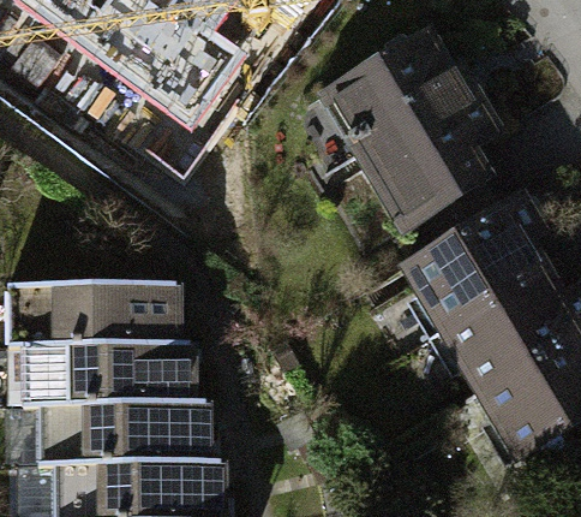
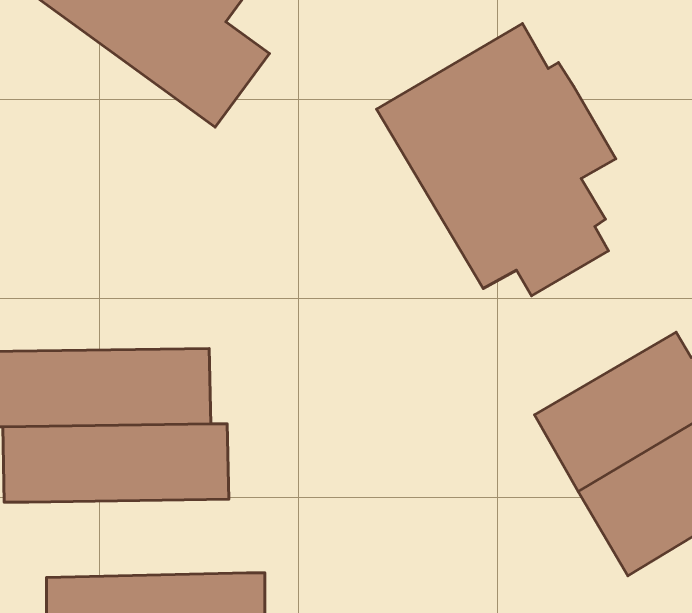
building: [397,190,553,335] -> none
building: [37,403,211,465] -> none

